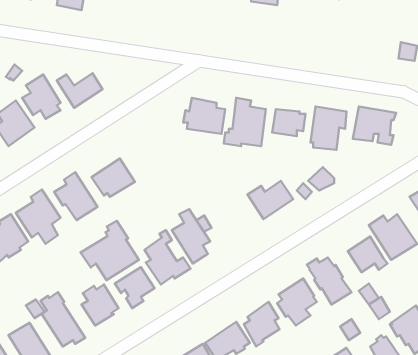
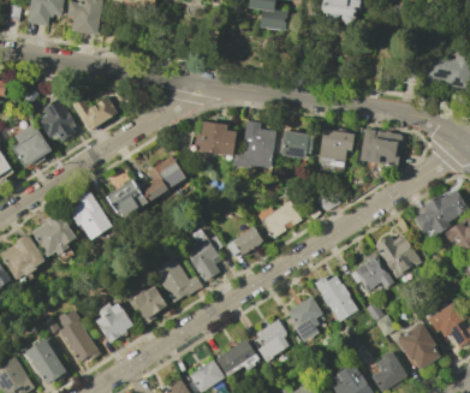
building: none -> [143,156,185,201]
building: none -> [226,226,263,255]
building: [81,221,139,280] -> none

